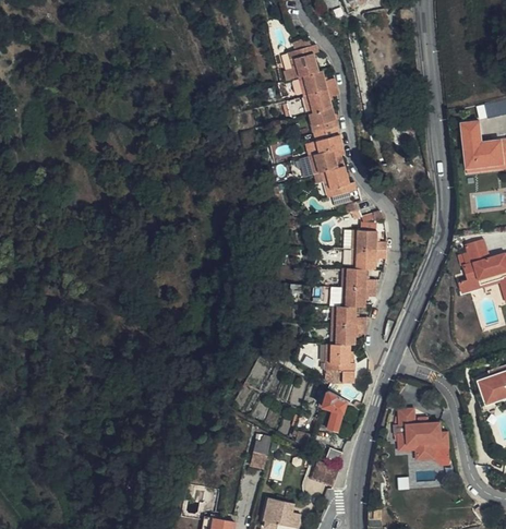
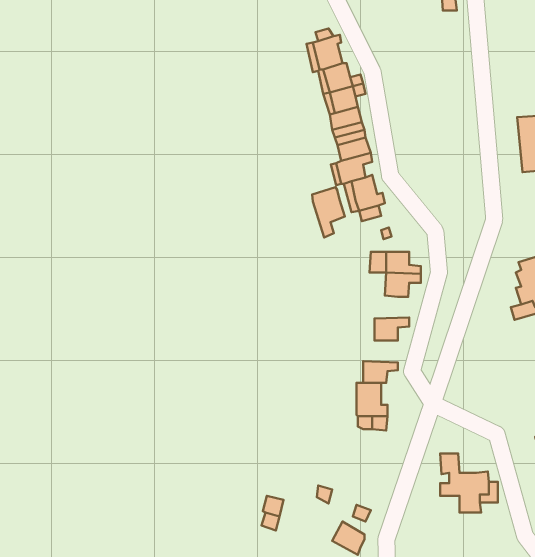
building: none -> [312,187,345,237]
building: [345,270,374,290] -> none
building: [335,309,365,327] -> none
building: [322,389,346,432] -> none

